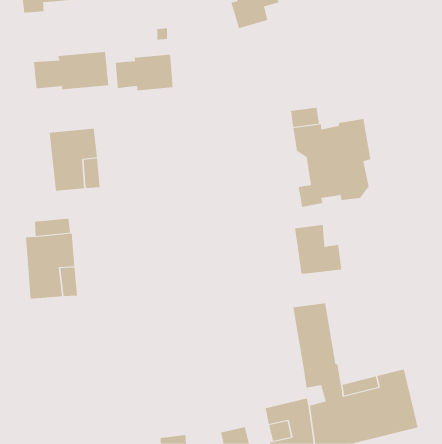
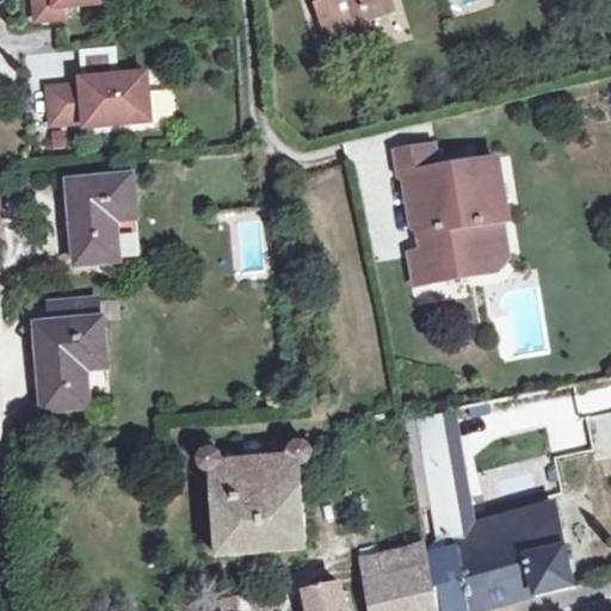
building: [115,54,173,91] -> none
building: [295,224,342,275] -> none
building: none -> [195,440,309,555]

